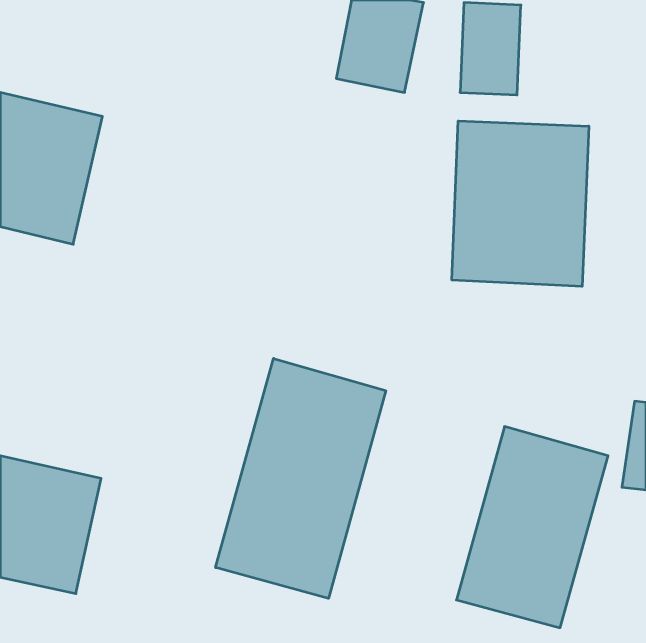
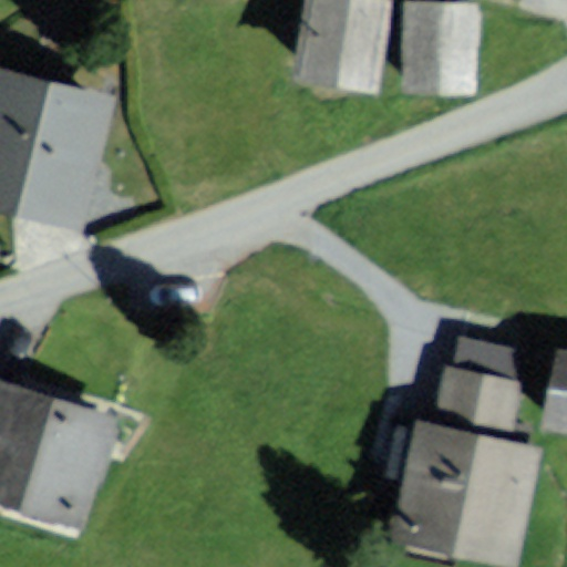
building: [452,121,589,286] -> none
building: [216,358,386,598] -> none

